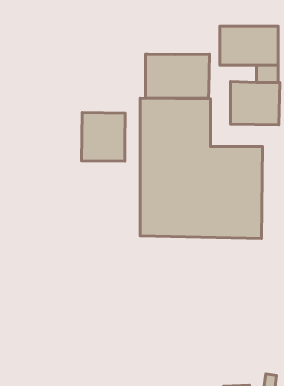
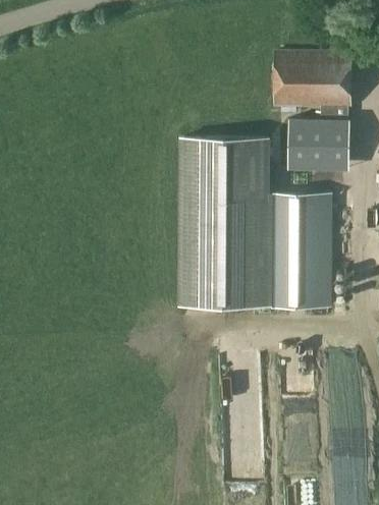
building: [145,54,210,98] -> none
building: [82,113,125,161] -> none

